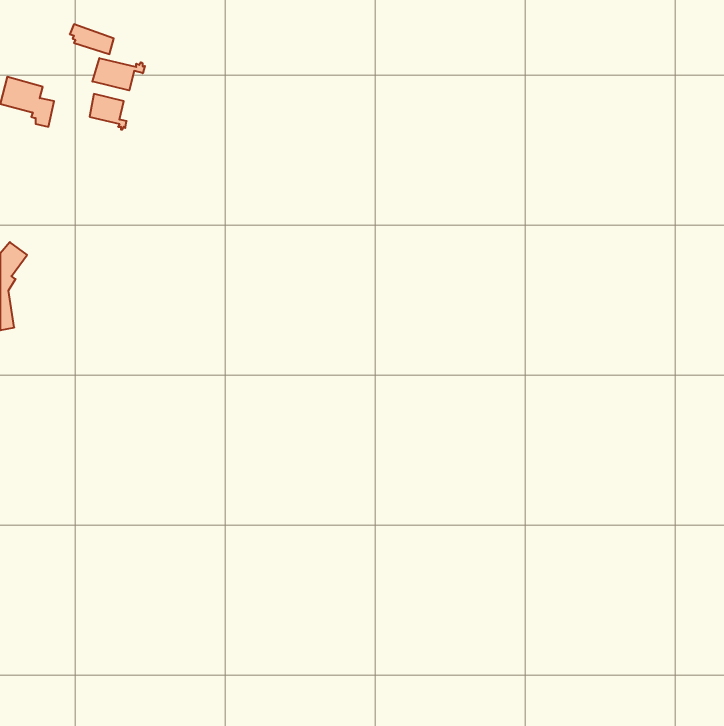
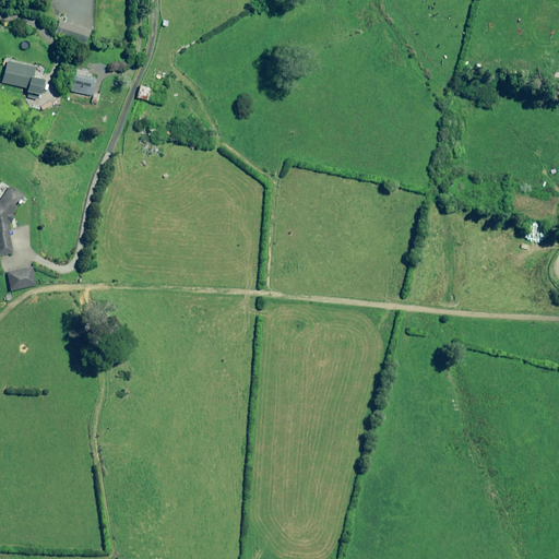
building: [92,58,145,90] -> none
building: none -> [7,265,36,288]

